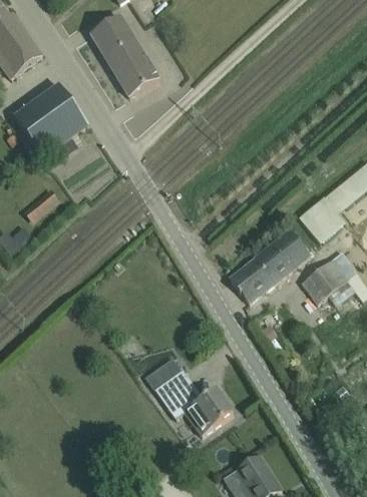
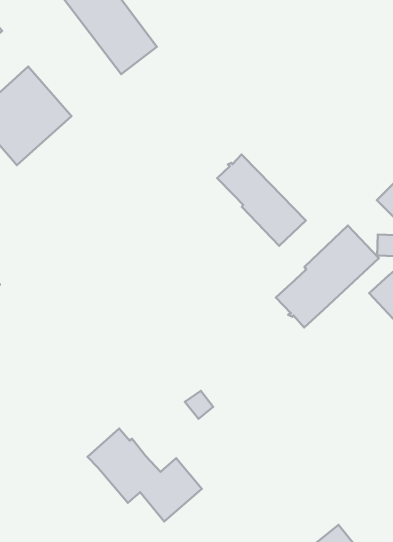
building: none -> [217,155,306,246]
building: [147,360,232,434] -> [88,428,202,522]

